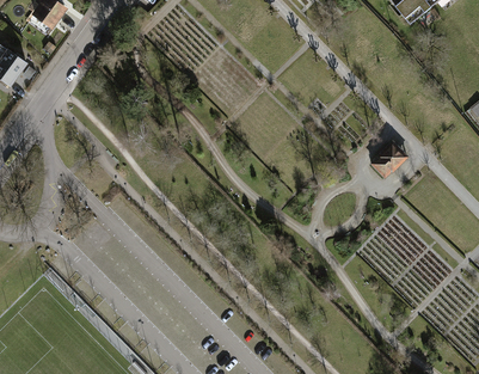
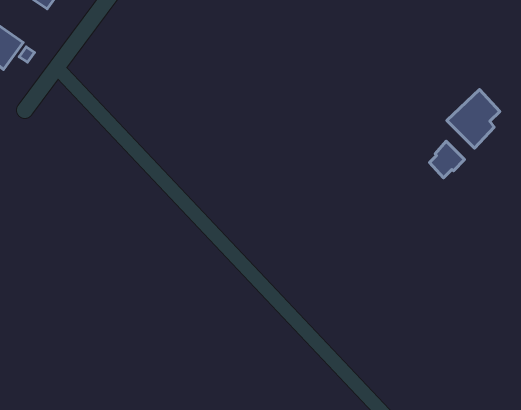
building: none -> [447,89,500,148]

